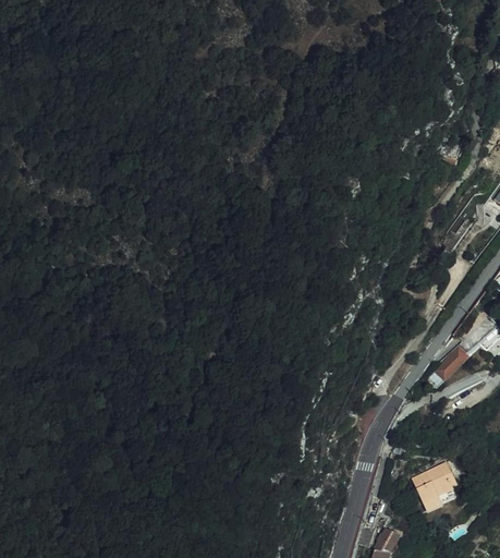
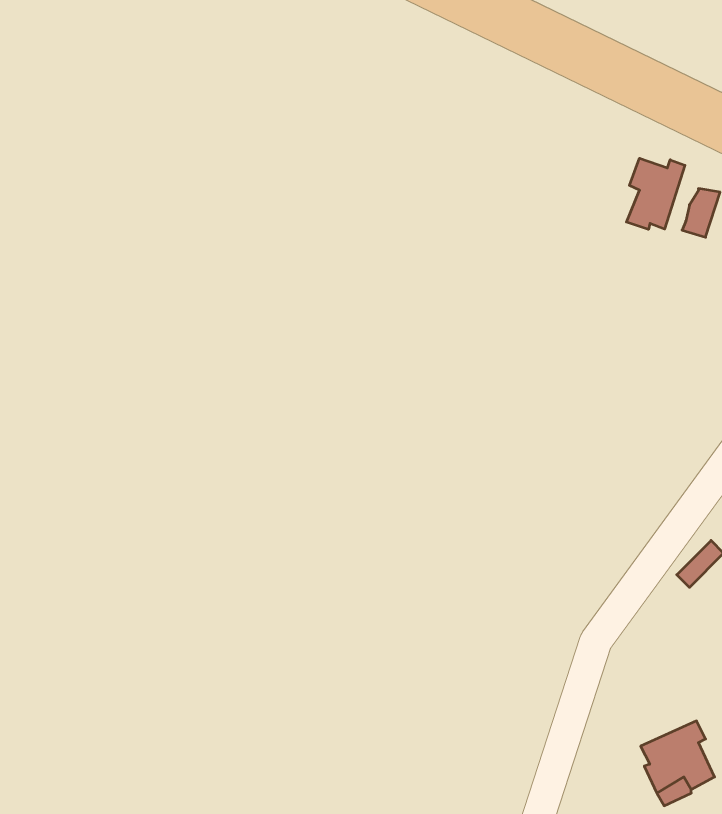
building: none -> [626,158,685,229]

